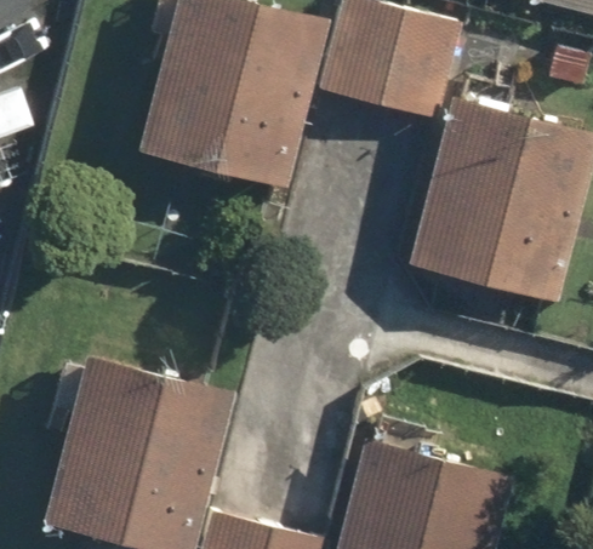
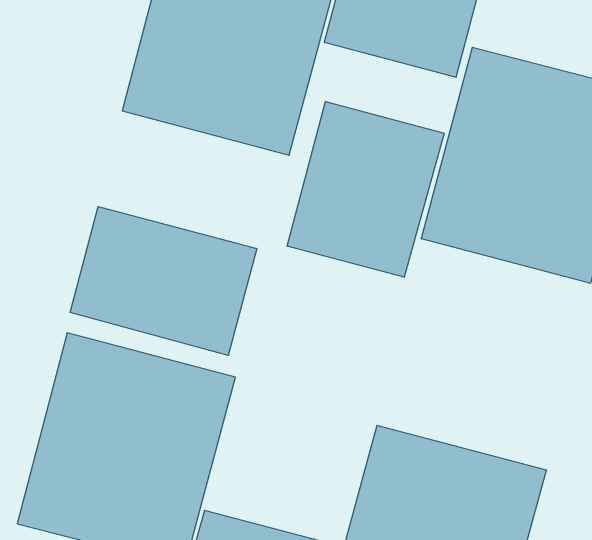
building: none -> [287,101,444,277]
building: none -> [70,207,257,355]

